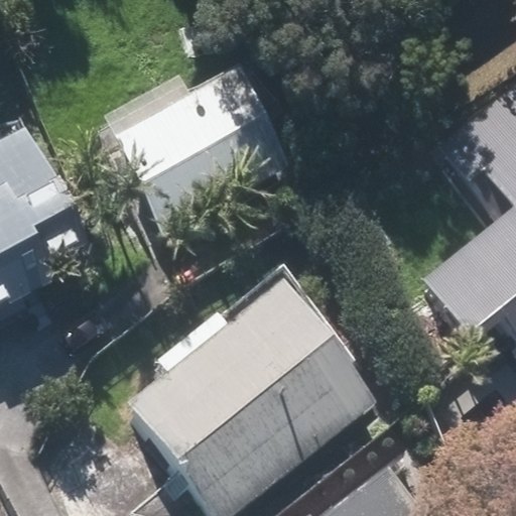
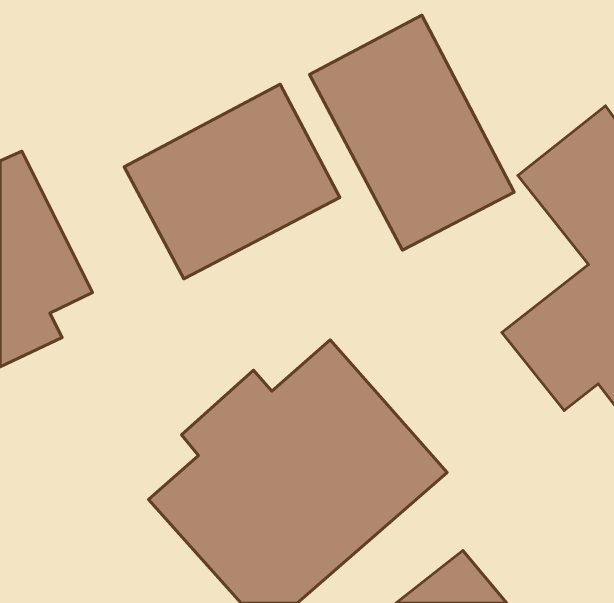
building: none -> [310,15,514,250]

